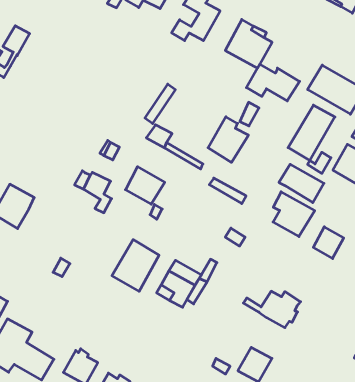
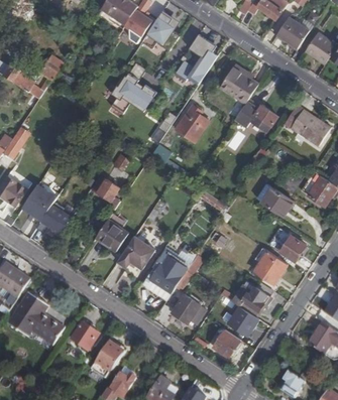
building: none -> [110,61,153,113]
building: [288,105,335,160] -> none
building: [208,117,248,162] -> [176,104,209,141]
building: [125,167,165,204] -> [96,219,128,250]
building: [273,192,315,237] -> [253,246,288,283]
building: none -> [41,205,71,232]
building: none -> [172,290,206,323]
building: none -> [227,305,259,337]

